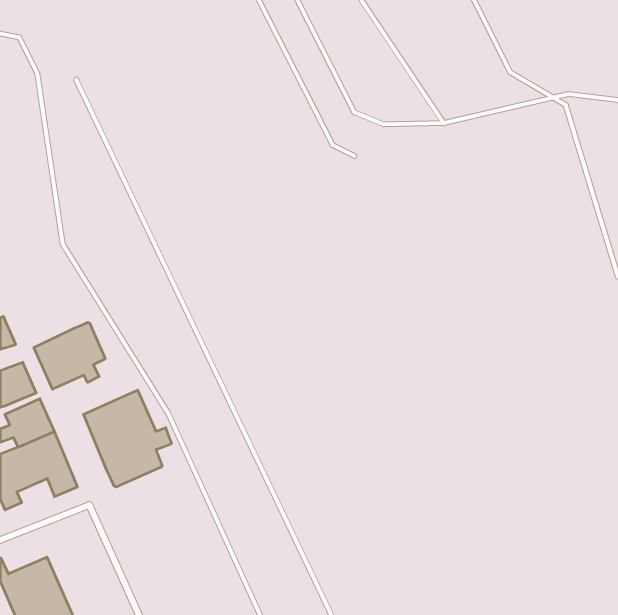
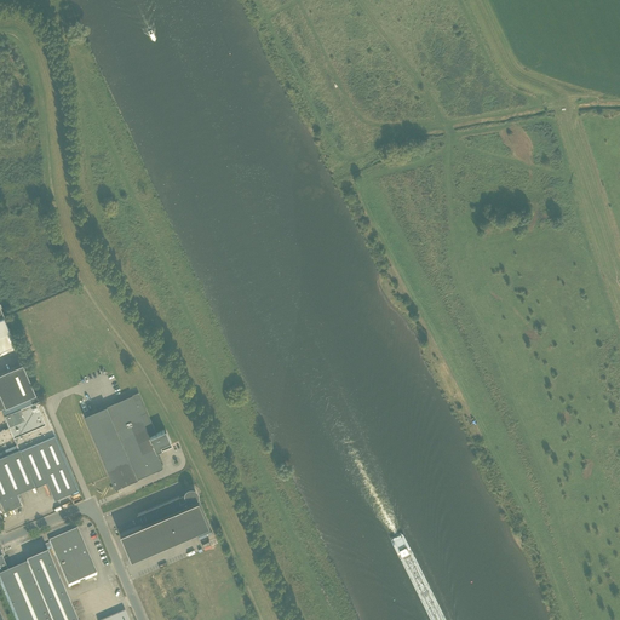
building: [34,322,105,389] -> none
building: none -> [120,492,209,561]
building: none -> [51,539,97,590]

